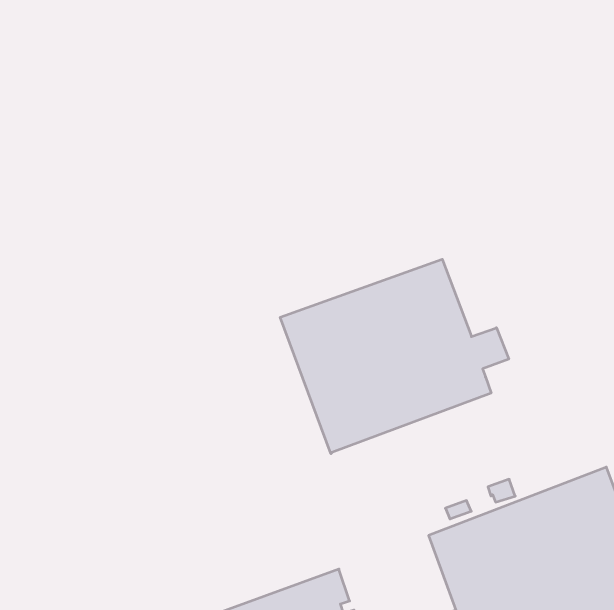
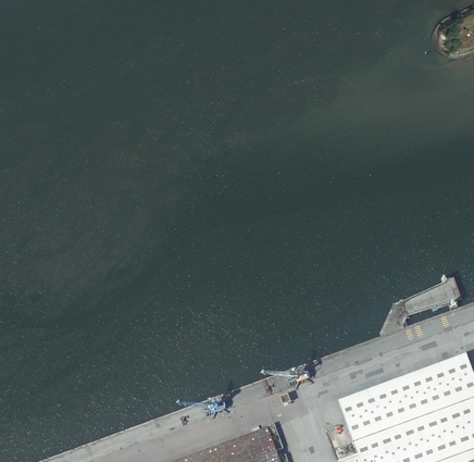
building: [280,259,509,454] -> none

